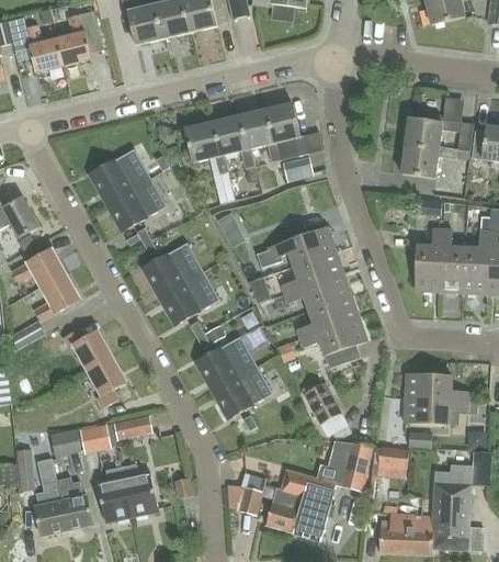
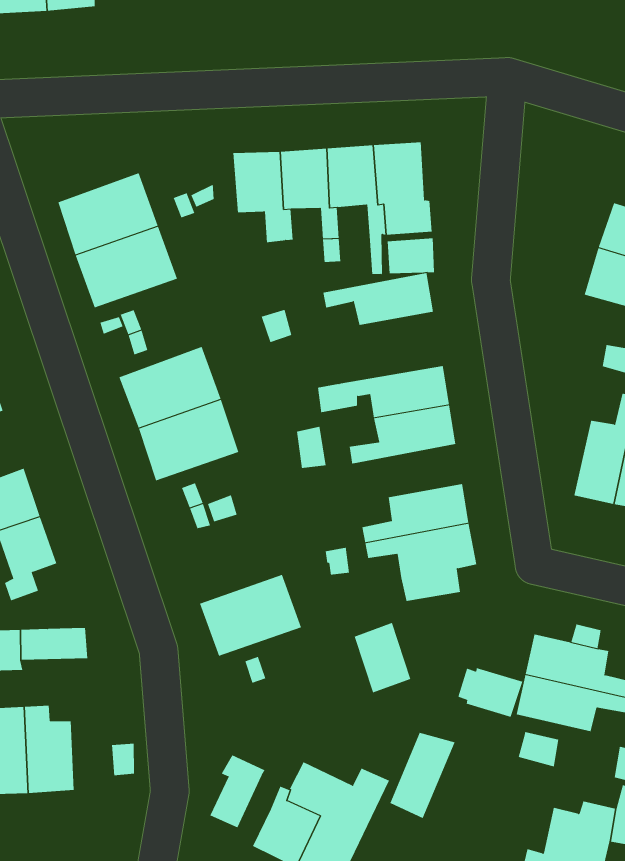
building: [284,272,350,310] -> [322,273,434,326]
building: [194,336,256,390] -> none
building: [372,445,408,470] -> [458,667,523,718]

